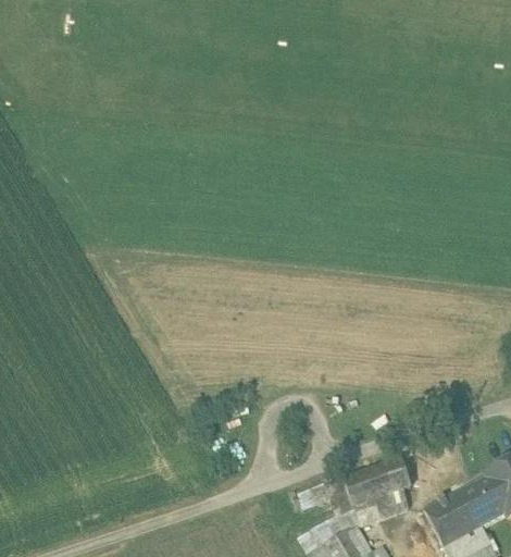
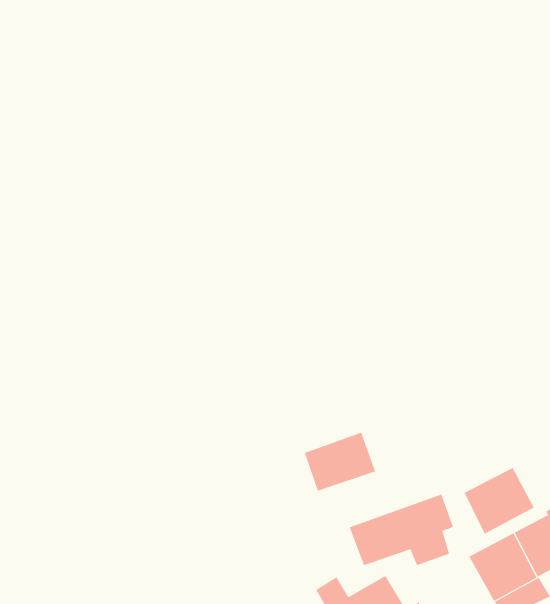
building: none -> [304,432,376,492]
building: none -> [464,467,534,534]

